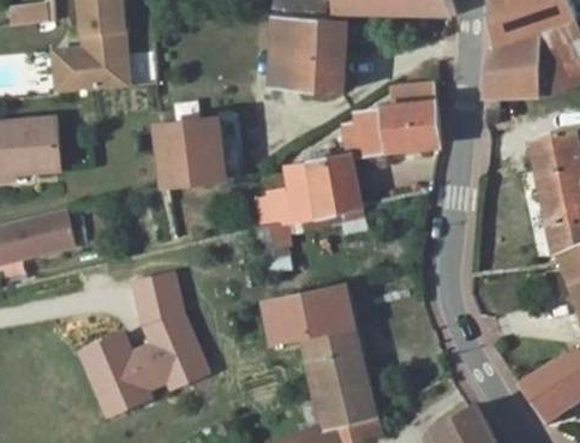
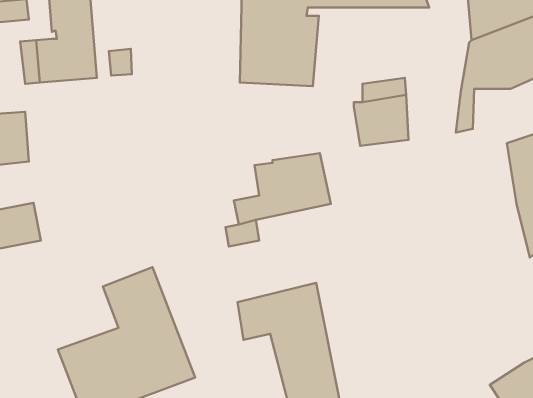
building: [342,113,387,158] -> none
building: [157,119,238,187] -> none

